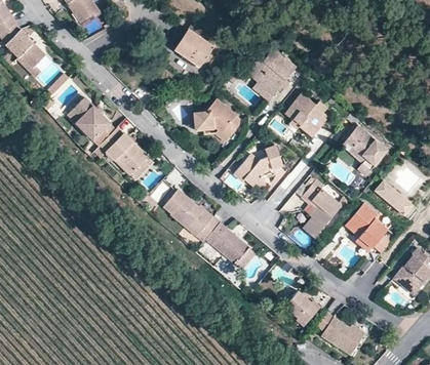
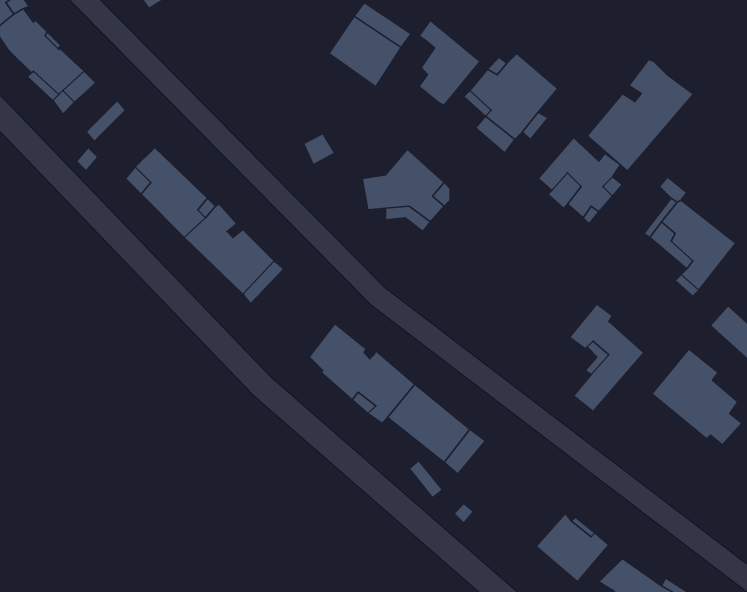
building: none -> [419,20,480,105]
building: none -> [587,59,693,171]
building: [234,147,282,188] -> none

